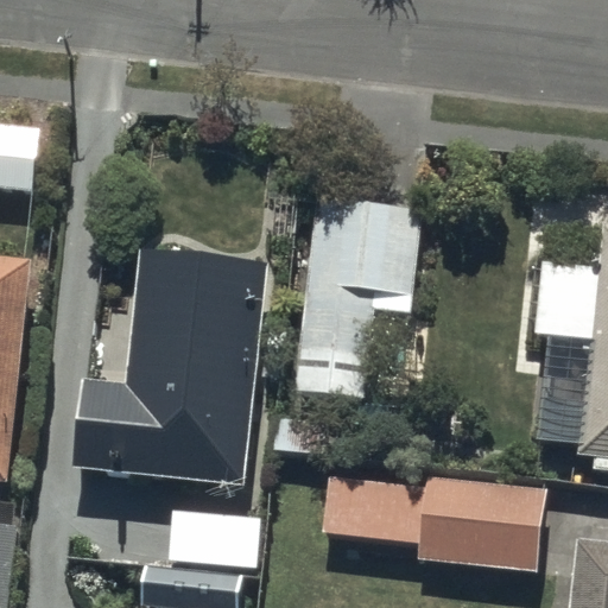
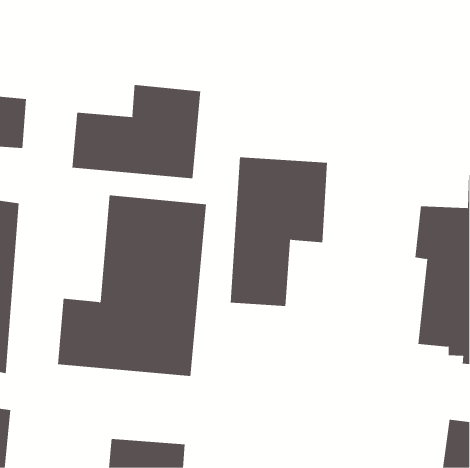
building: none -> [72,84,201,179]
building: [321,474,546,570] -> none

